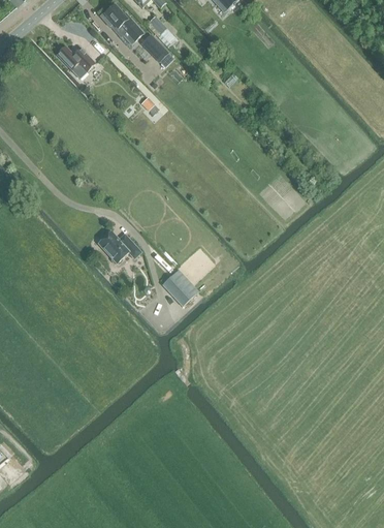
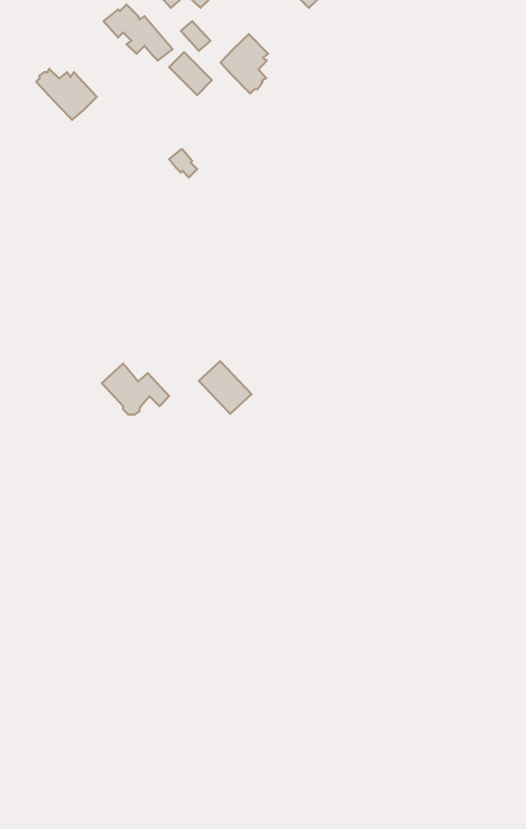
building: none -> [221,34,268,93]
building: [162,272,195,305] -> [199,361,251,414]

